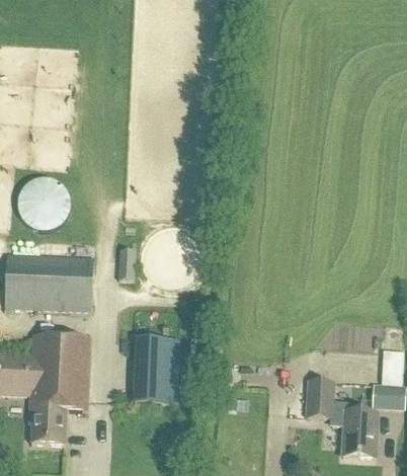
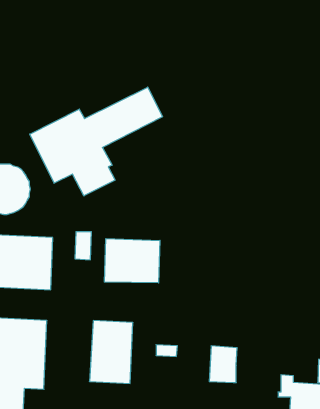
building: none -> [30,87,163,196]
building: none -> [104,239,160,283]
building: [305,378,334,416] -> [209,346,237,383]

